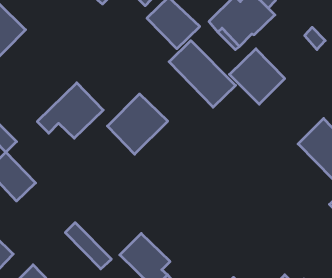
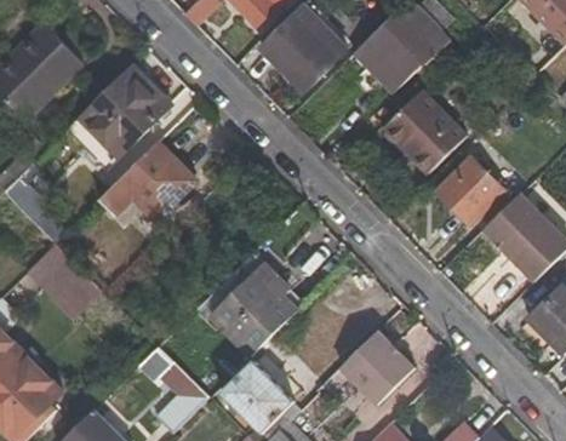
building: none -> [64,62,173,170]
building: [169,41,236,107] -> none
building: none -> [436,156,504,225]
building: [107,94,168,154] -> [208,269,297,357]
building: none -> [339,334,412,407]

